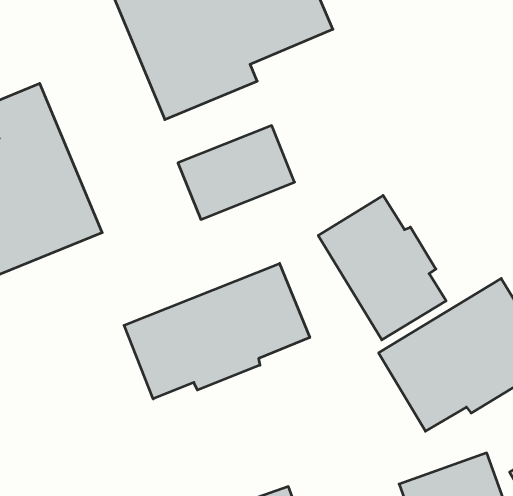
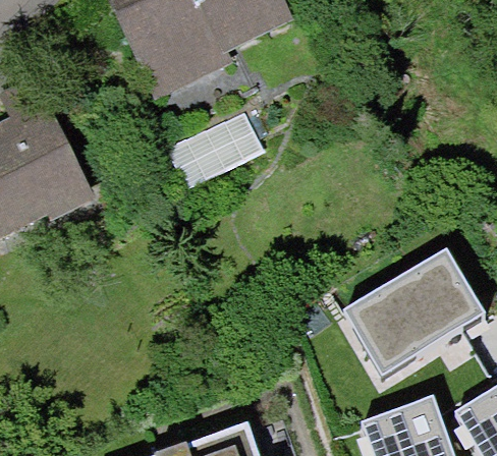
building: [318,195,446,340] -> none
building: [124,263,310,399] -> none

